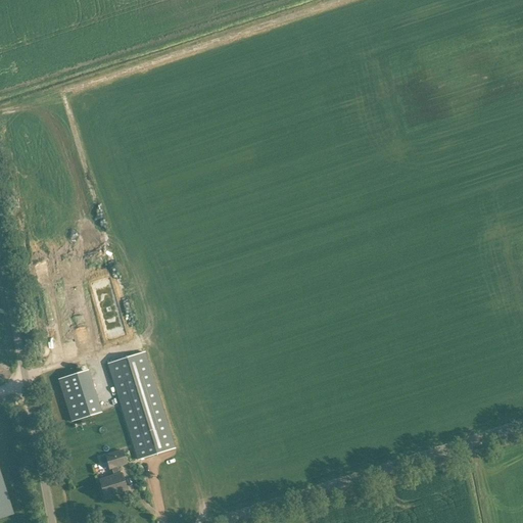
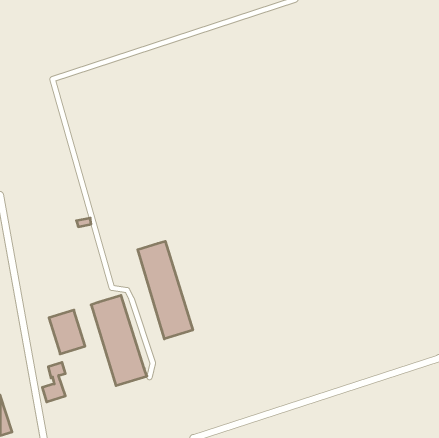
building: none -> [138,241,193,339]
building: [99,449,127,496] -> [42,362,65,402]

